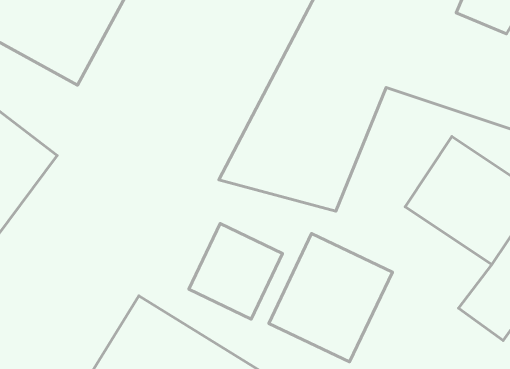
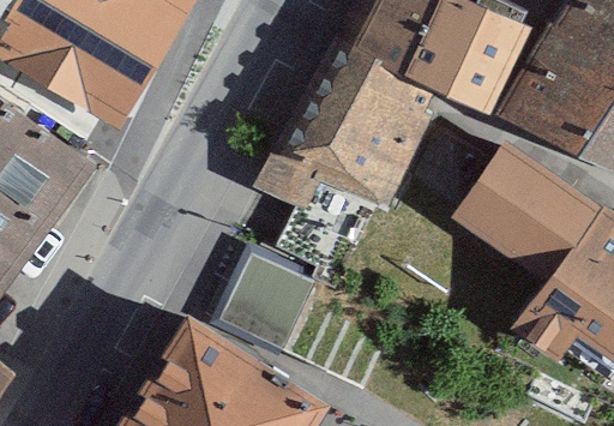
building: [269,234,392,362] -> none

